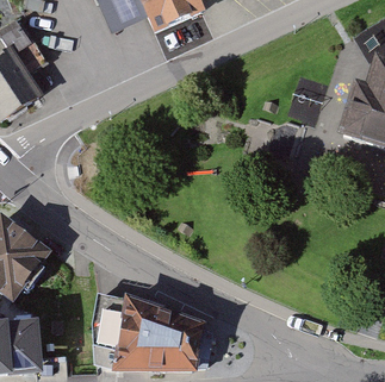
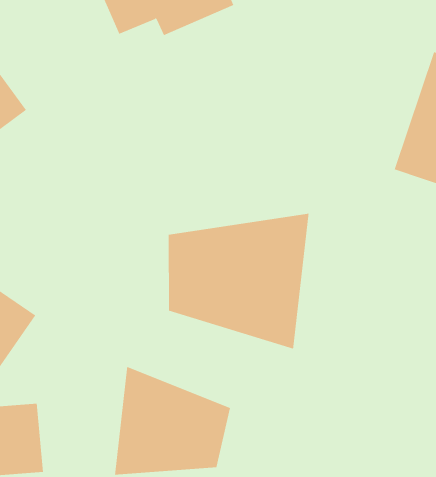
building: none -> [168,213,309,350]

